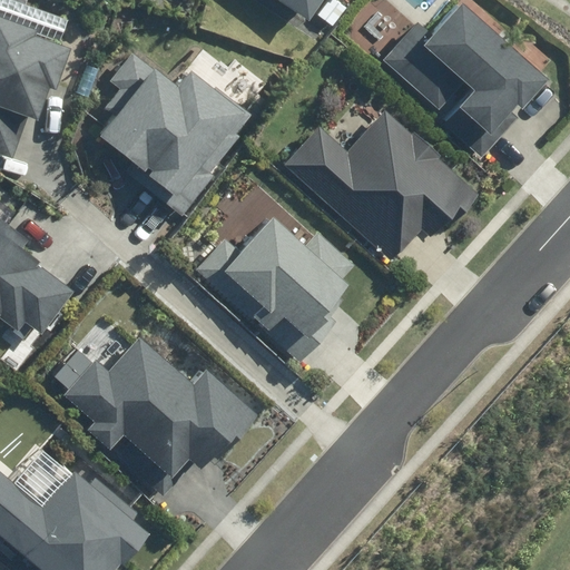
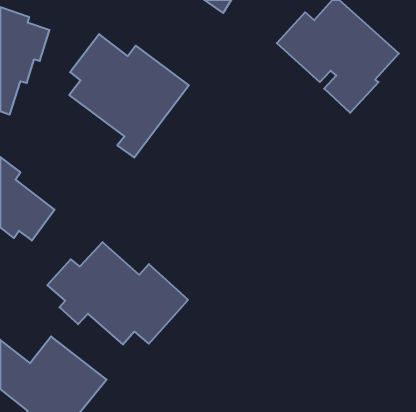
building: [283,111,480,258] -> none
building: [188,186,361,364] -> none

